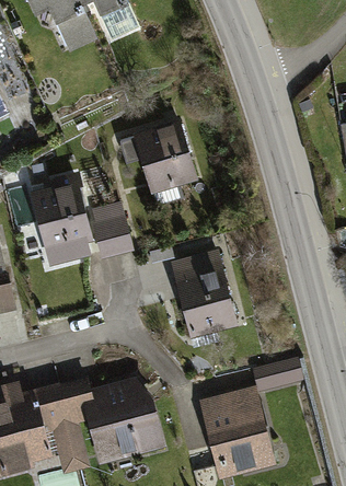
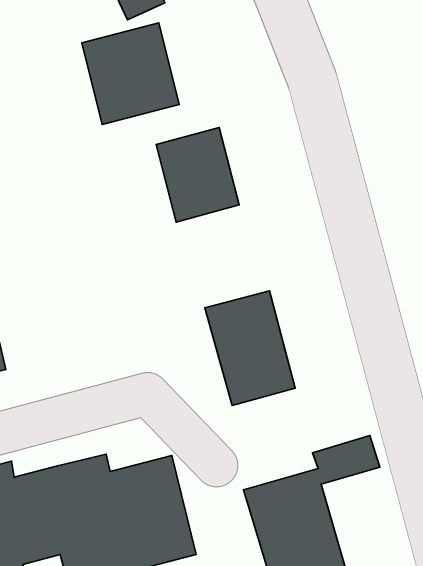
building: none -> [82,23,179,125]
building: [28,180,130,256] -> none

